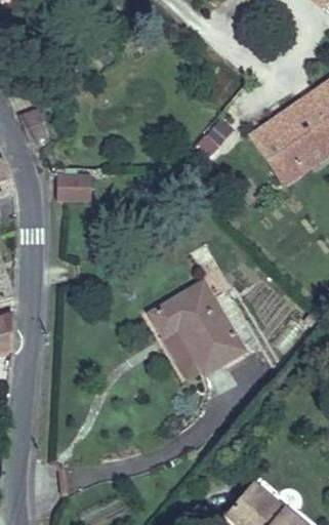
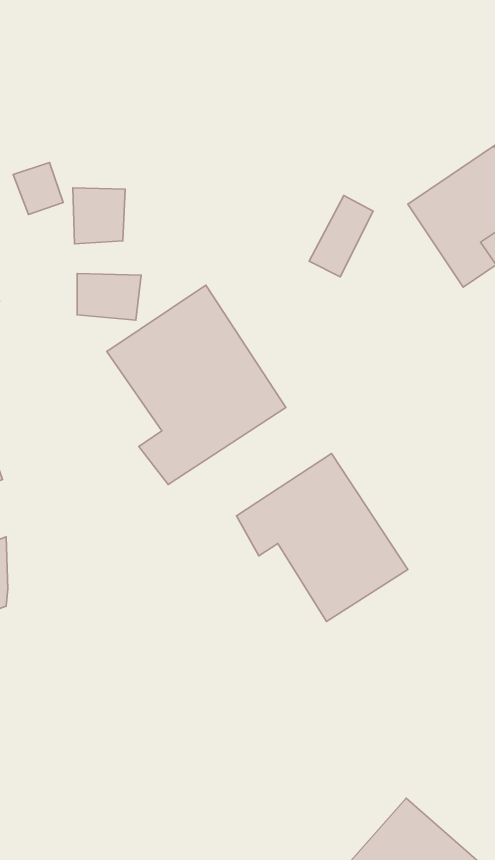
building: none -> [73,188,125,244]
building: none -> [107,285,286,485]

